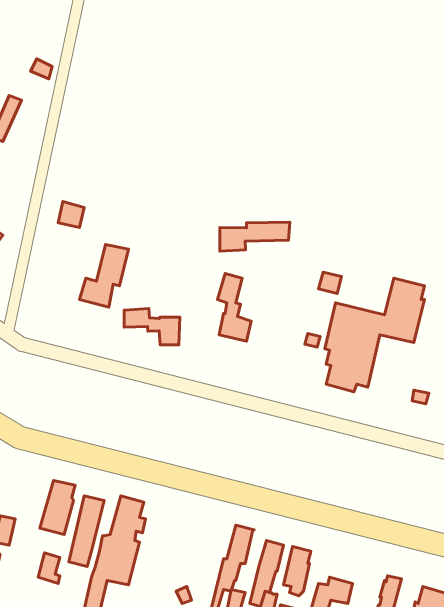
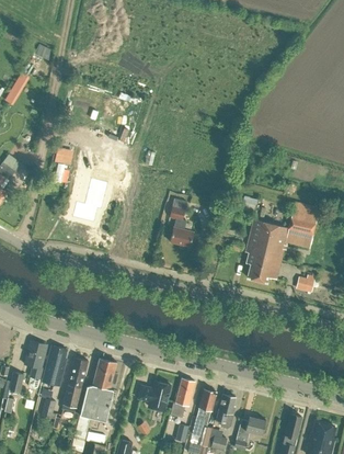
building: [220,222,290,251] -> none
building: [124,308,180,345] -> none
building: none -> [24,341,45,388]
building: none -> [138,382,170,411]

